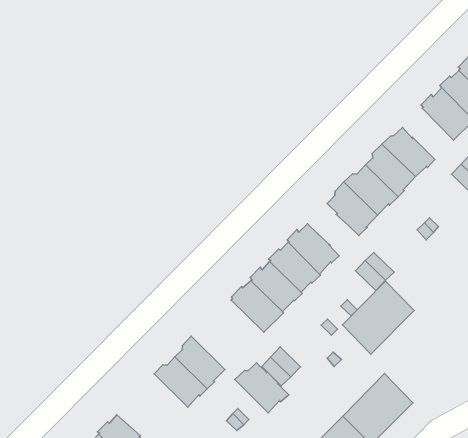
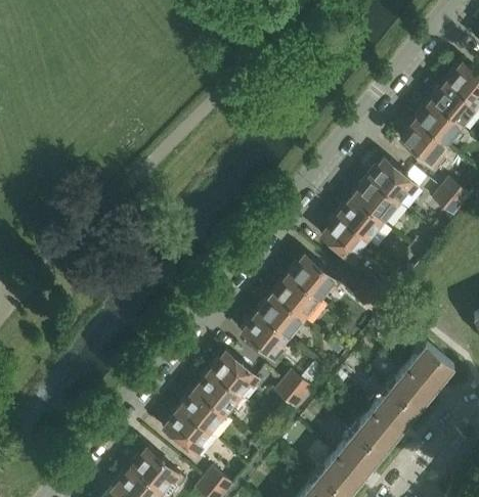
building: [343,281,414,354] -> [388,343,452,411]
building: [235,363,289,413] -> [207,352,258,397]
building: none -> [162,407,210,454]

